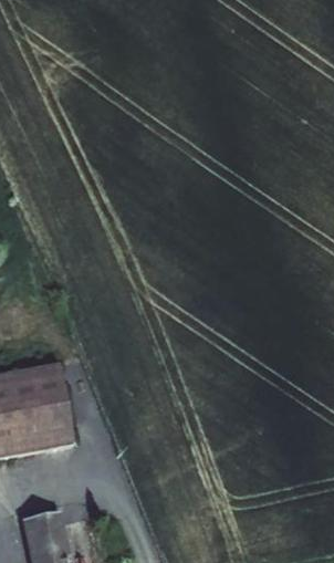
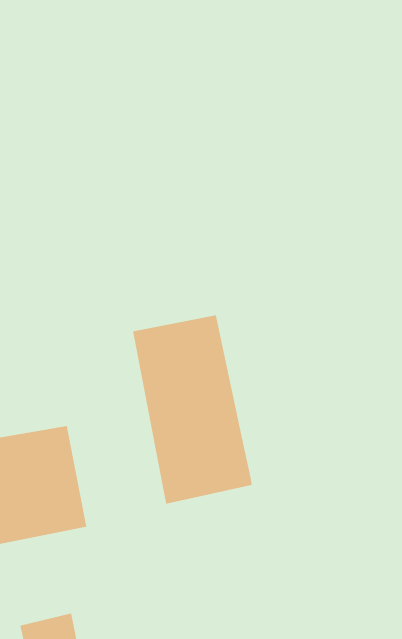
building: none -> [133,315,252,505]

